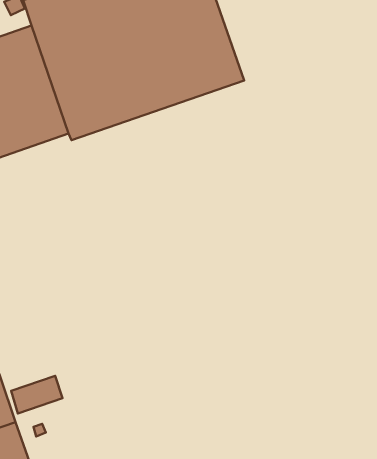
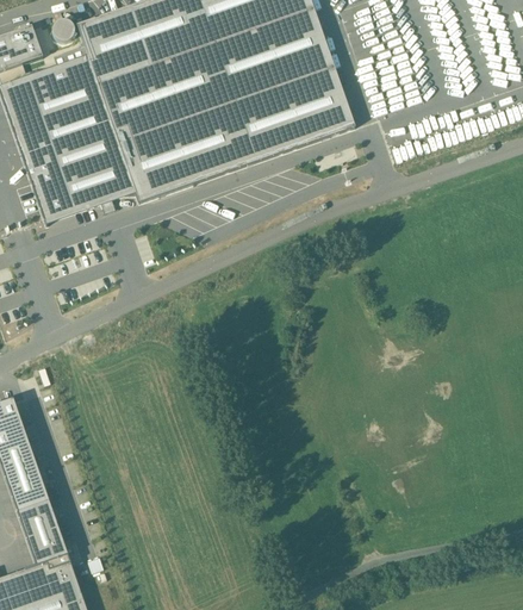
building: [11,376,63,414] -> none

